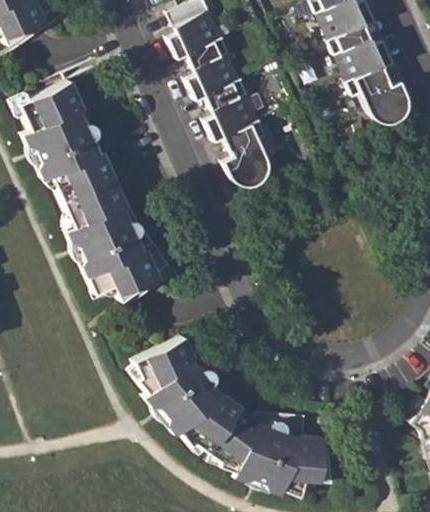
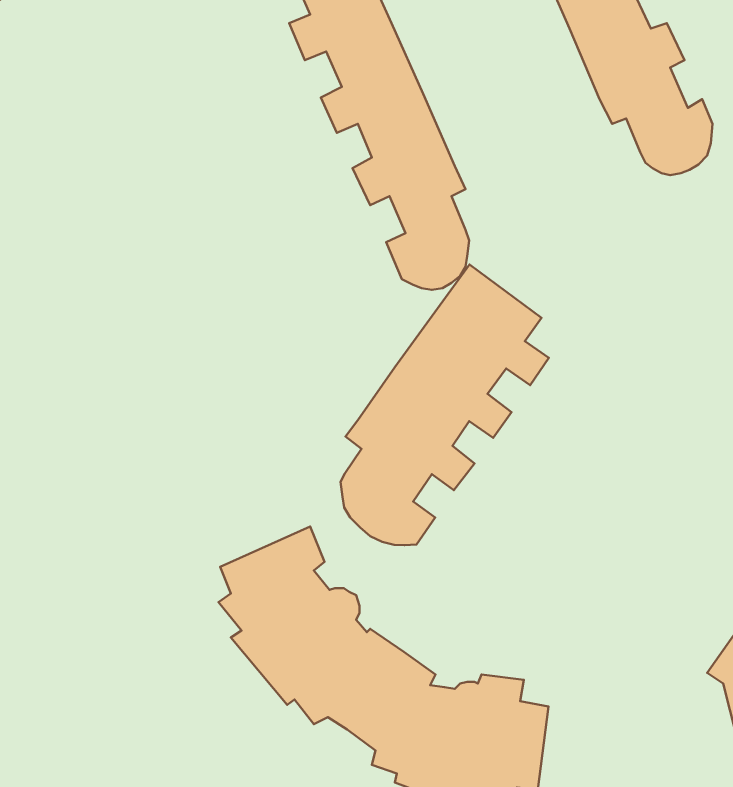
building: [17,77,169,296] -> none
building: none -> [341,265,549,545]

